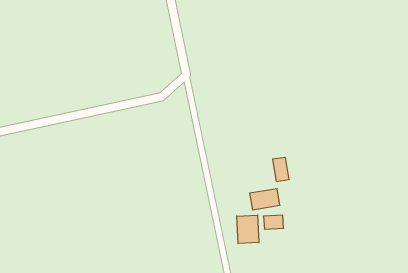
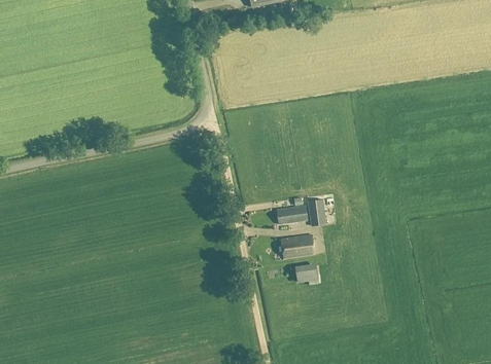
building: none -> [277,206,308,224]
building: [237,215,259,244] -> none

